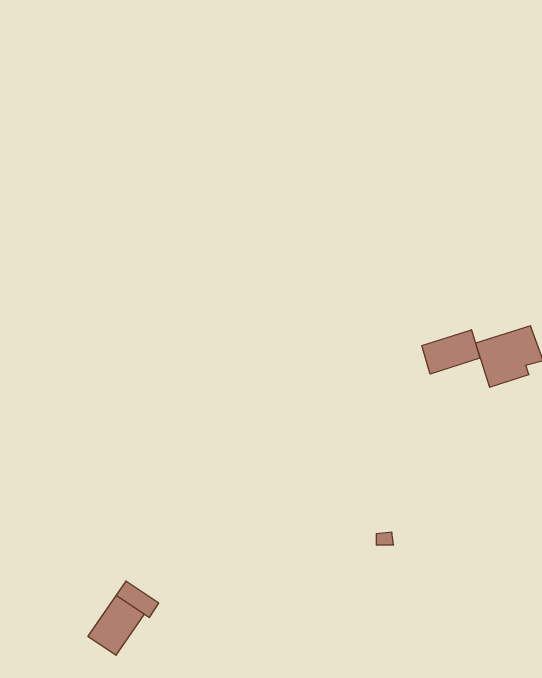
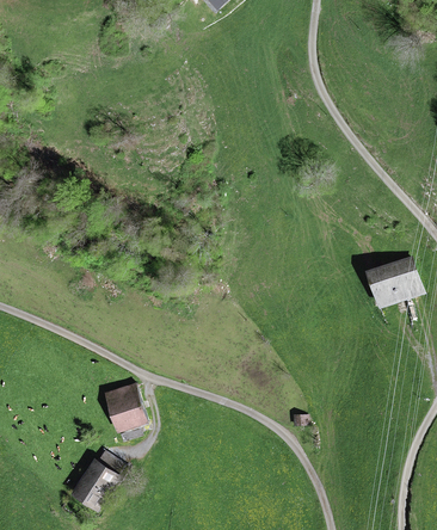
building: [422,330,480,374] -> none
building: none -> [103,382,144,429]

